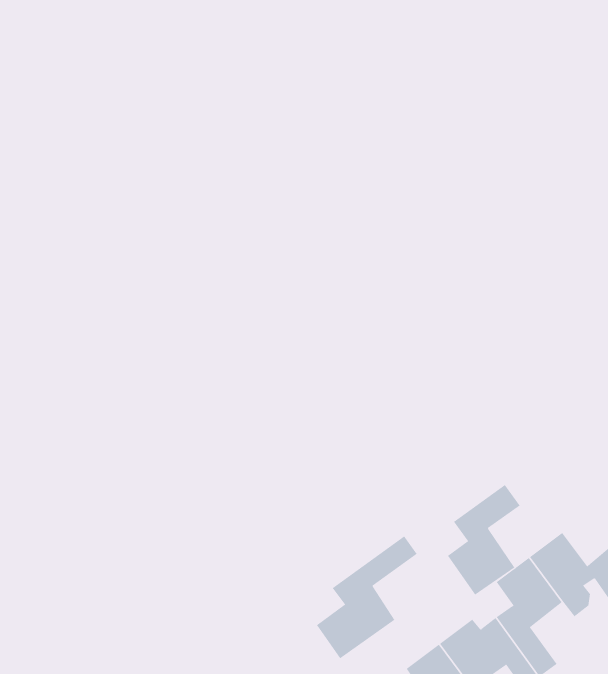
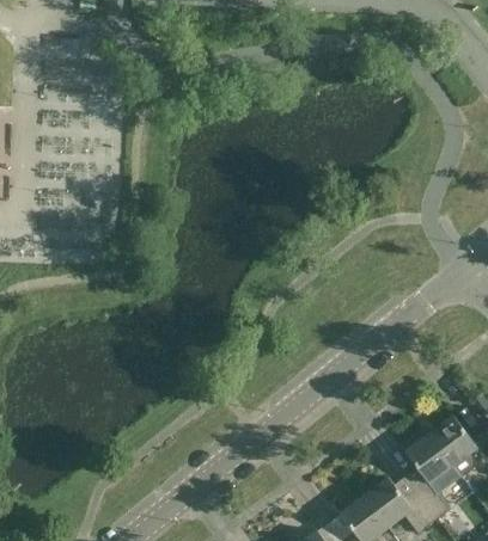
building: [447,484,520,596] -> none
building: [316,536,418,659] -> none

